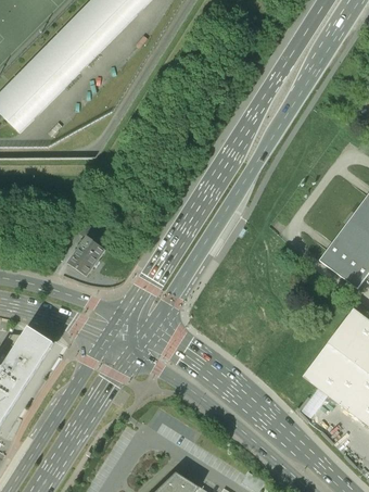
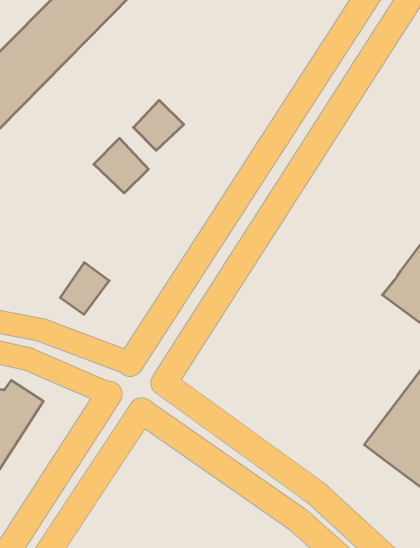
building: none -> [133,100,184,150]
building: none -> [94,138,148,193]

